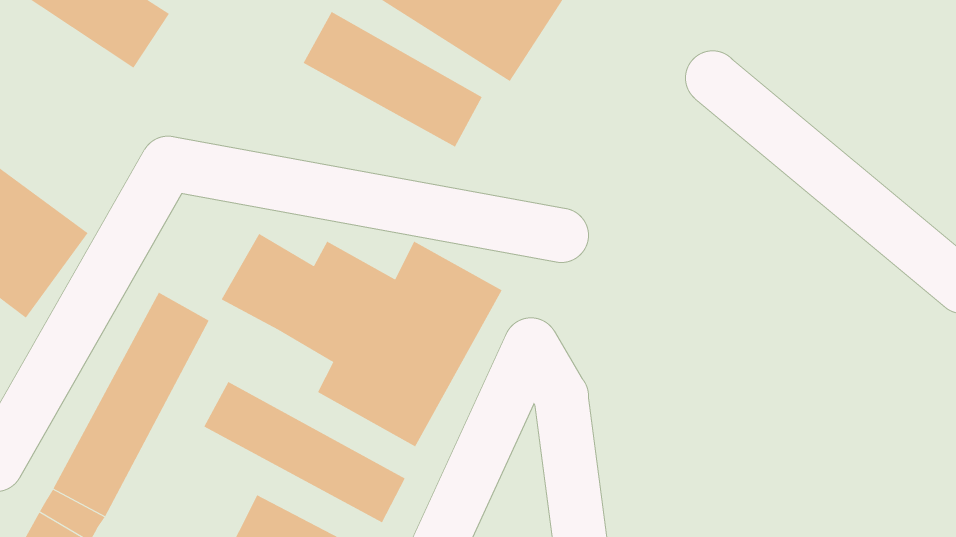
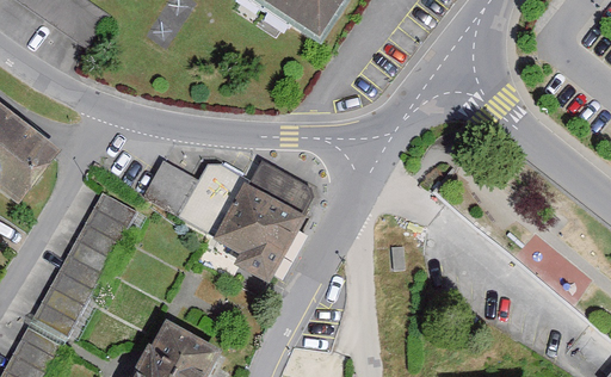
building: [303,11,483,148] -> none
building: [204,381,405,523] -> none

